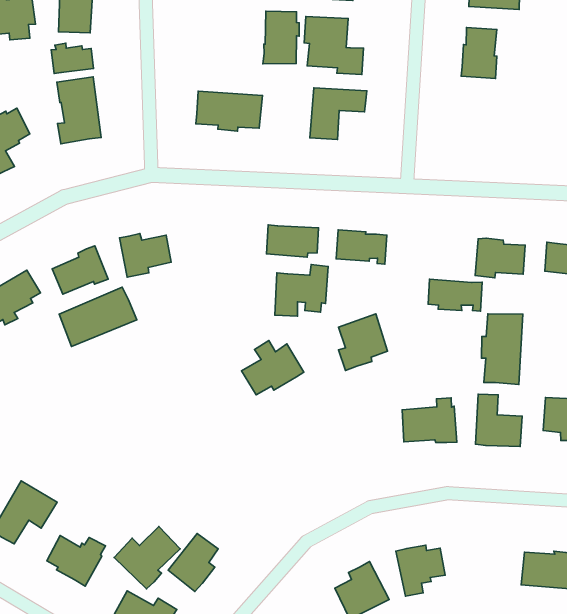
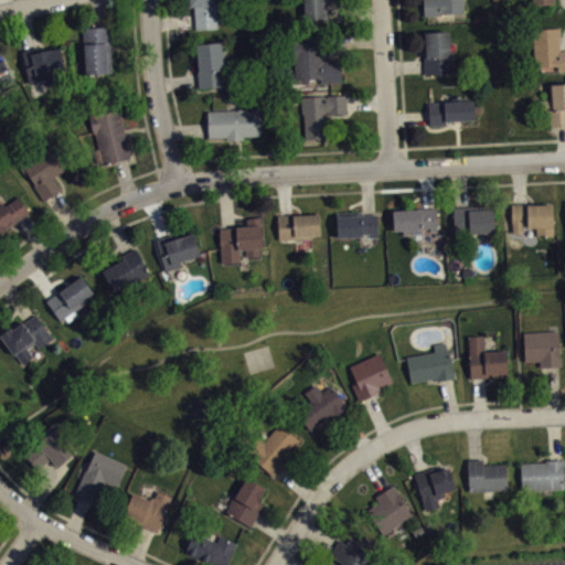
building: [263,11,299,64] -> [196,43,226,89]
building: [51,43,93,74] -> none
building: none -> [428,97,475,127]
building: [275,265,328,316] -> [220,218,263,264]
building: [428,279,482,311] -> [393,209,438,235]
building: [59,287,137,346] -> none
building: [482,314,523,384] -> none
building: [338,314,388,370] -> [350,353,393,403]
building: [241,341,304,395] -> [296,385,348,431]
building: [114,526,180,589] -> [245,425,299,478]
building: none -> [468,460,508,493]

